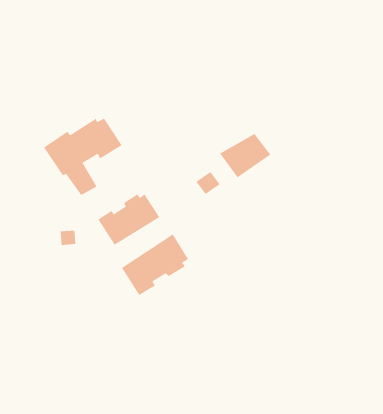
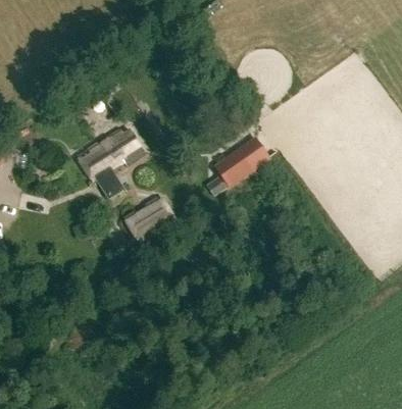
building: [121,234,189,296] -> none

